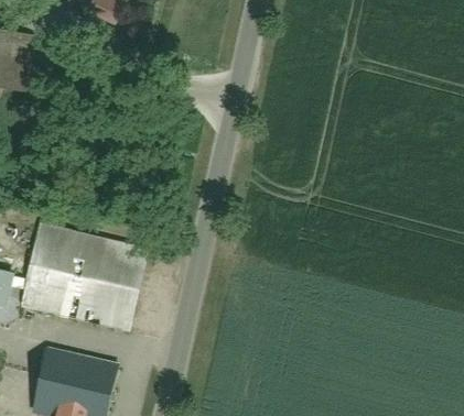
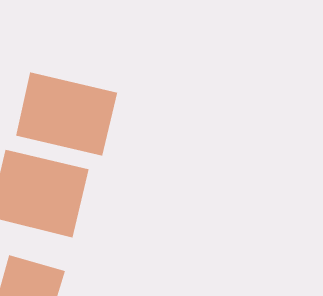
building: none -> [16,71,118,157]

